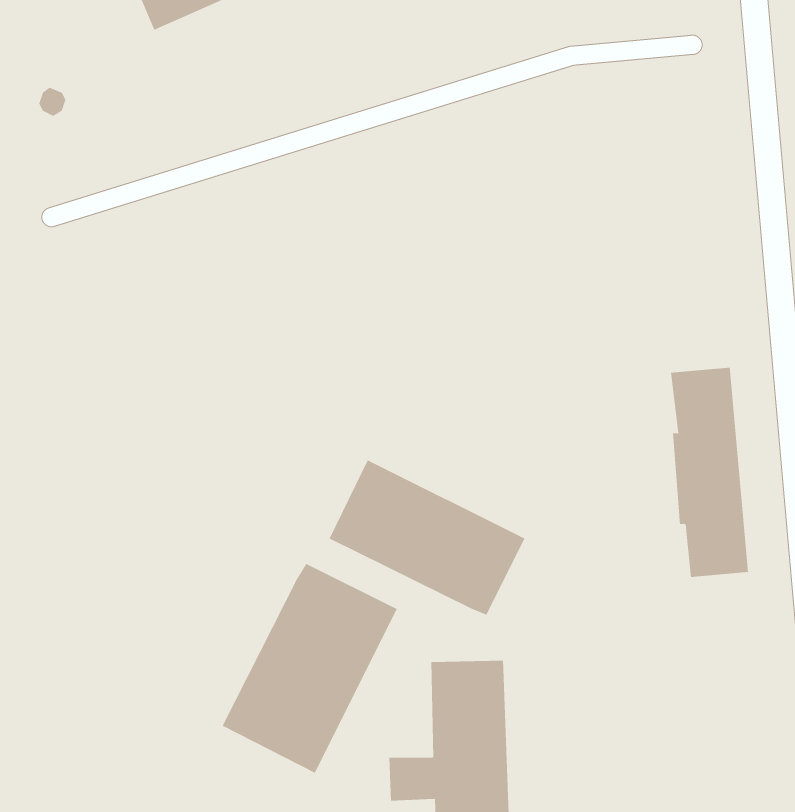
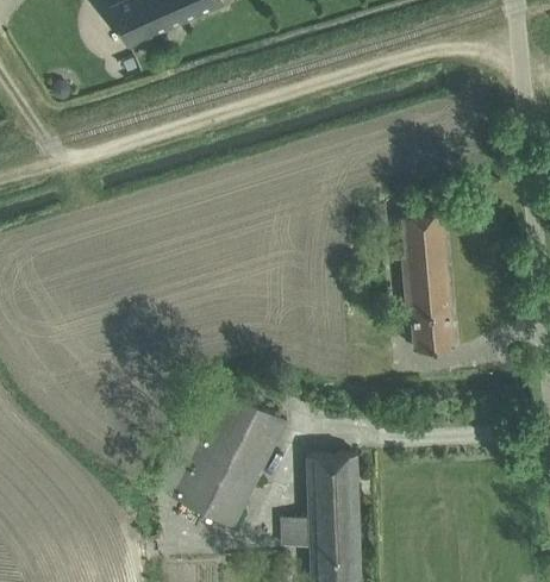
building: [670,367,749,578] -> [402,214,454,351]
building: [329,459,525,615] -> none

